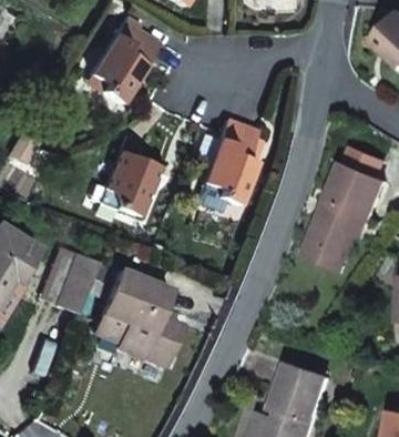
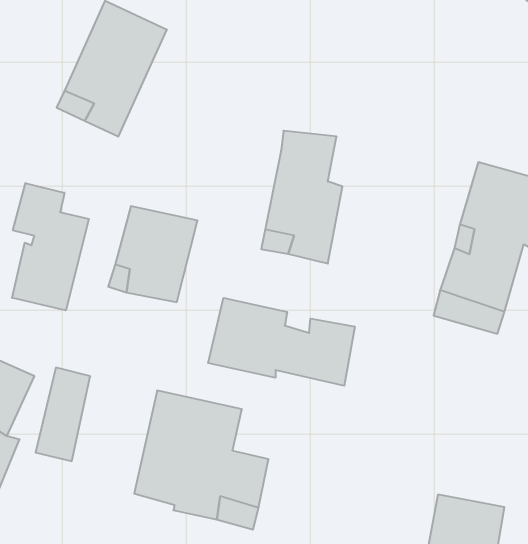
building: none -> [12,183,89,310]
building: none -> [208,298,355,386]
building: [59,255,101,316] -> none

